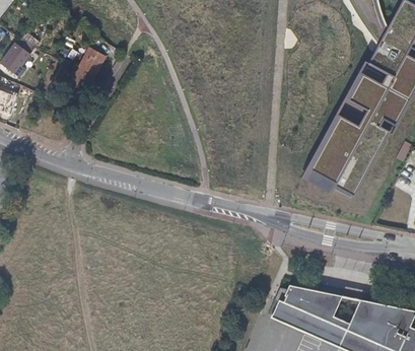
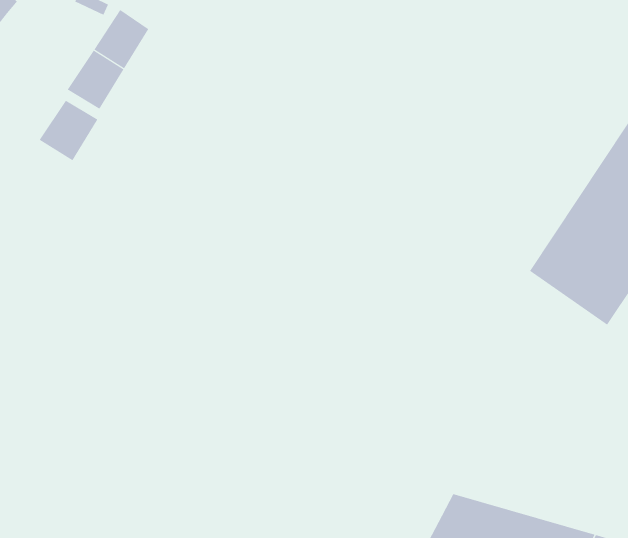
building: none -> [39,100,98,161]

